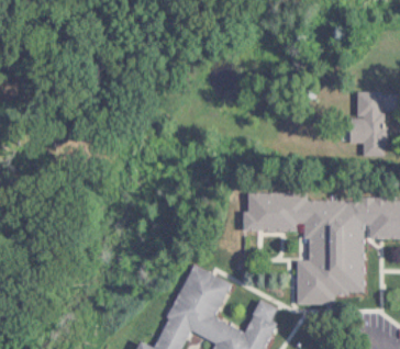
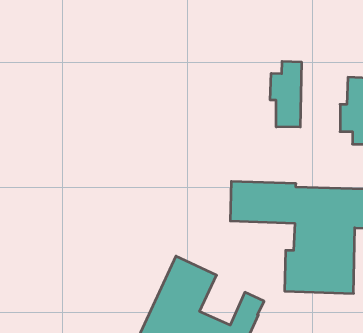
building: none -> [270,61,301,127]

